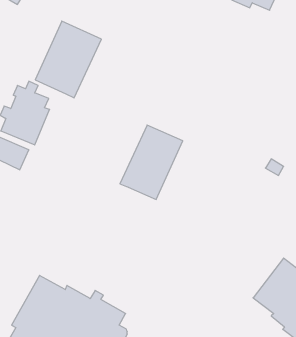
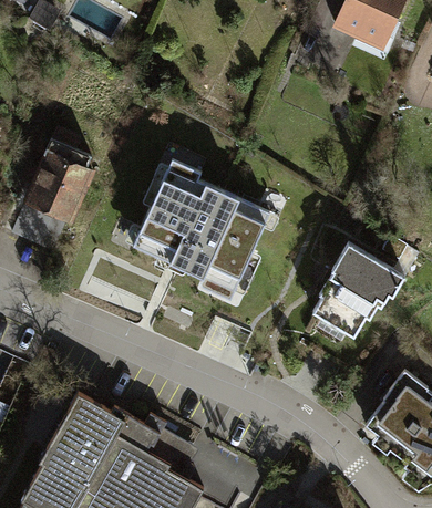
building: [35,21,101,98] -> [133,169,222,272]
building: none -> [311,245,404,340]

